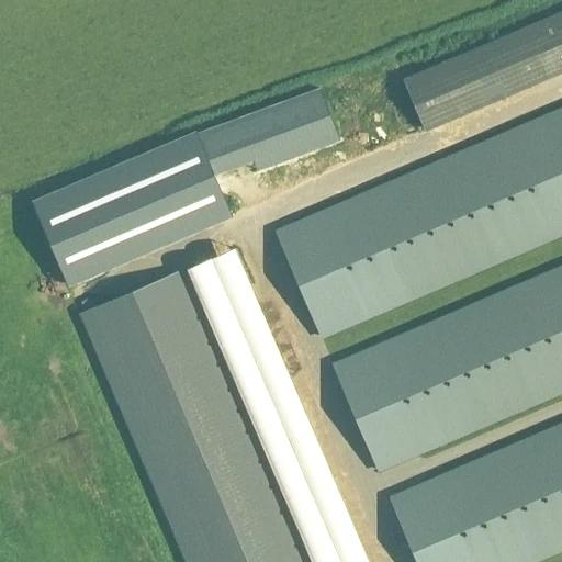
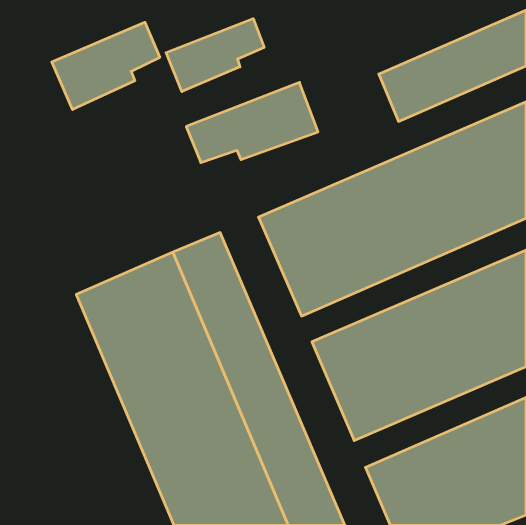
building: none -> [166,19,264,92]
building: none -> [52,22,160,110]
building: [33,131,231,285] -> none

